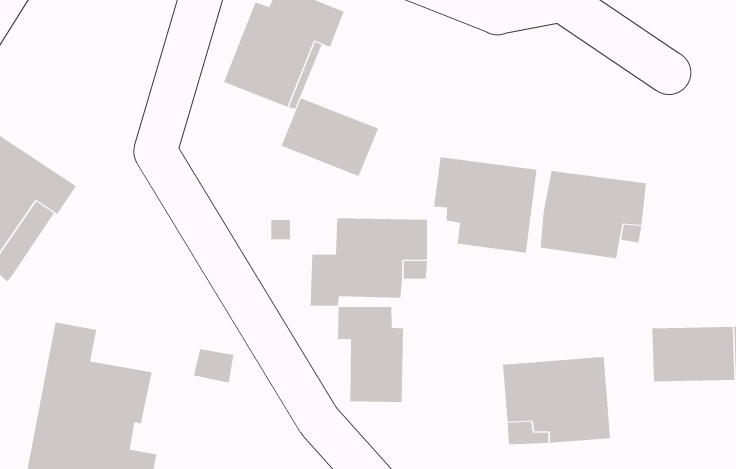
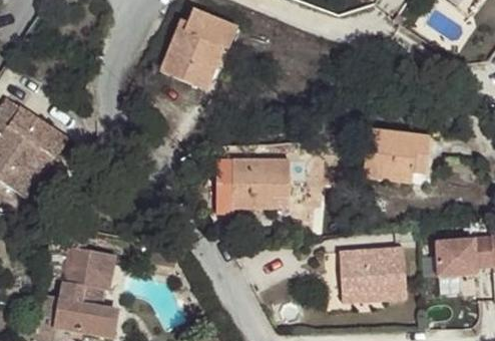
building: [281,97,379,177] -> none
building: [433,157,537,253] -> none
building: [338,306,403,403] -> none

